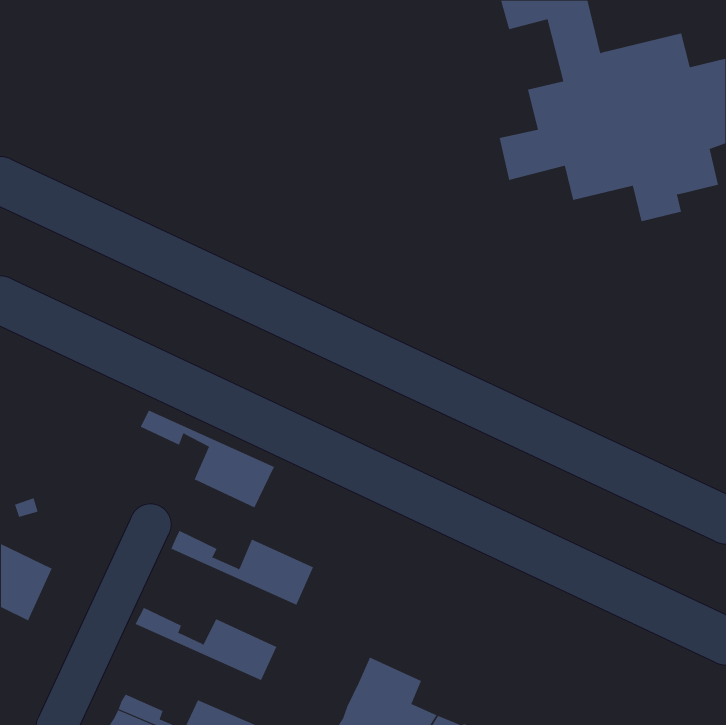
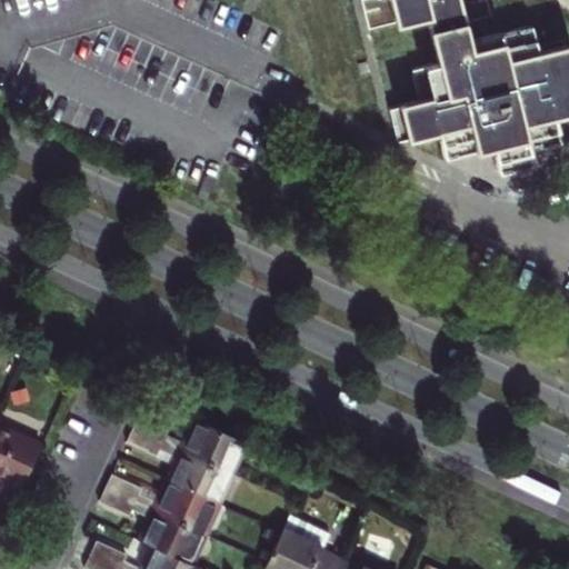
building: [140,410,275,508] -> [127,430,232,507]
building: none -> [99,489,204,563]

